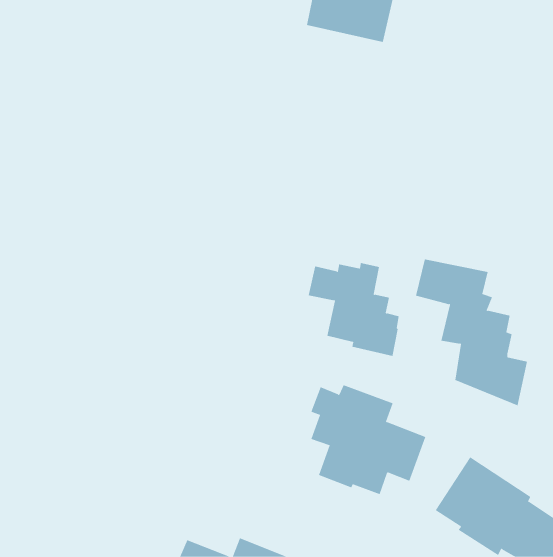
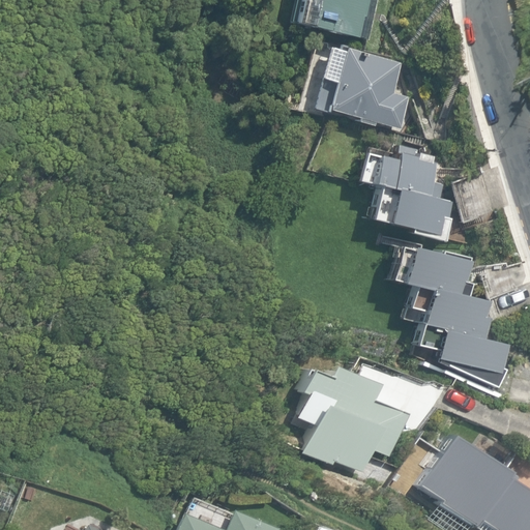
building: none -> [313,47,411,128]
building: [308,263,400,357] -> [365,151,452,240]

